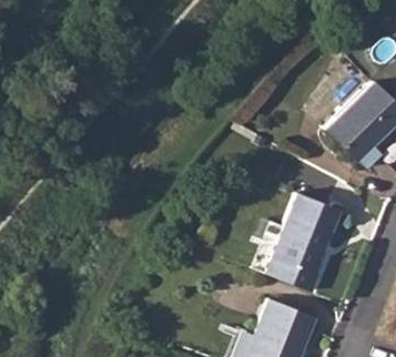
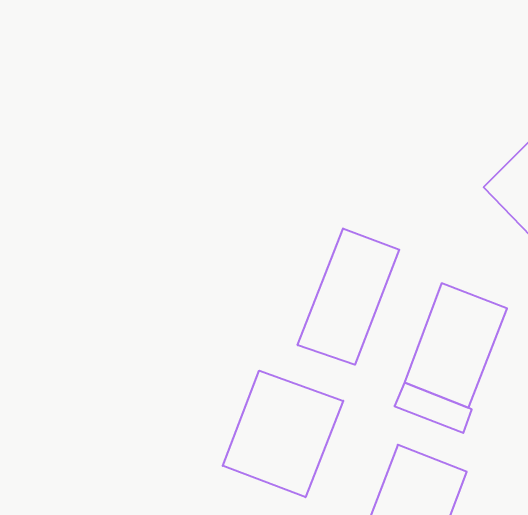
building: none -> [298,228,399,365]
building: none -> [223,371,343,497]

